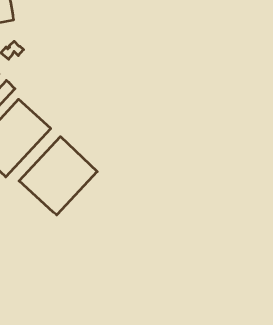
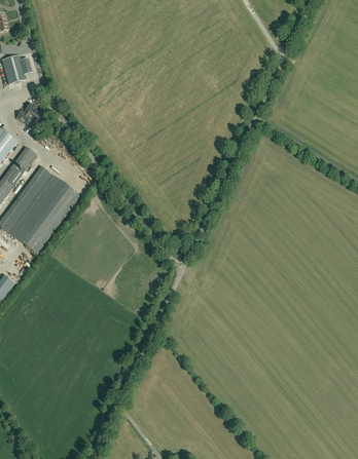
building: [19,137,97,215] -> none

